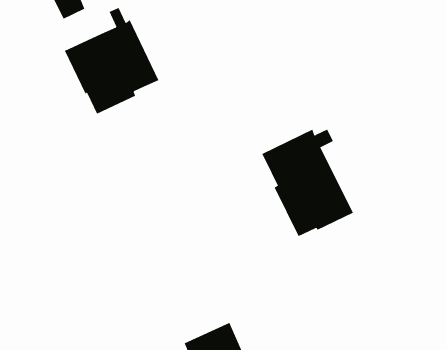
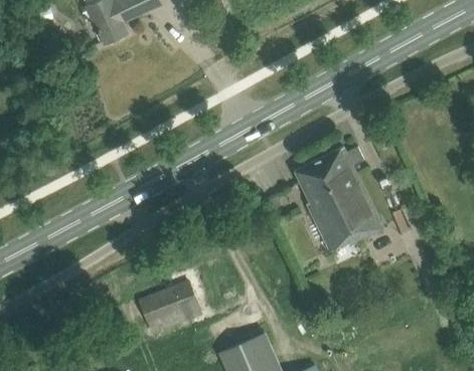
building: [64,7,159,114] -> none
building: none -> [140,281,202,333]

